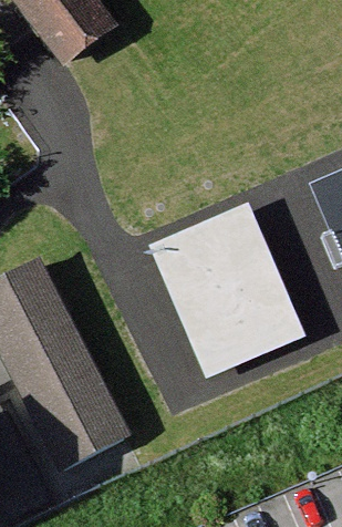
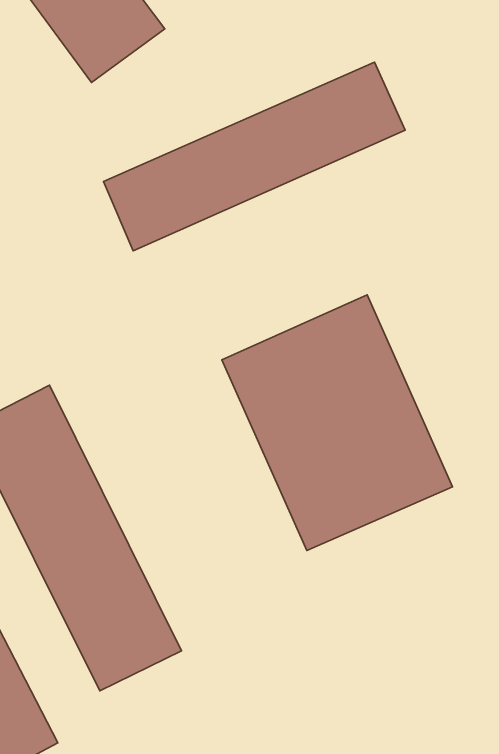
building: none -> [104,62,405,251]

